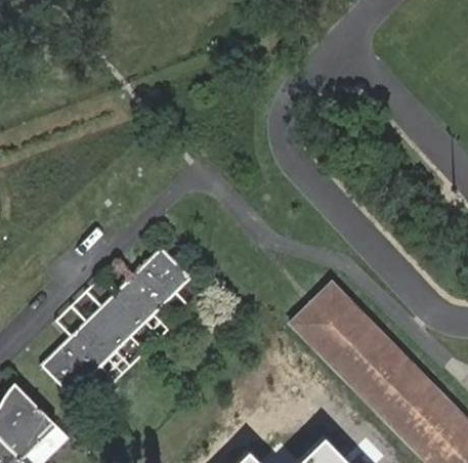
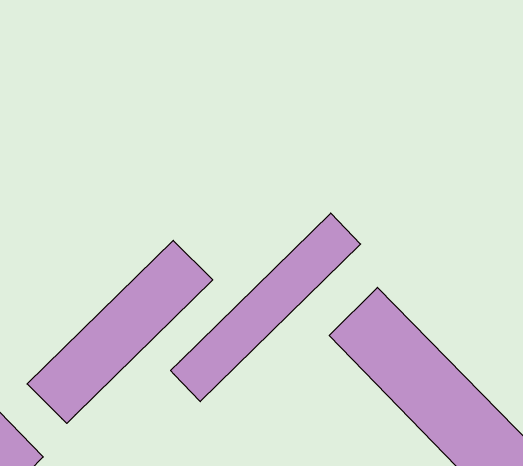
building: none -> [171,213,361,402]

